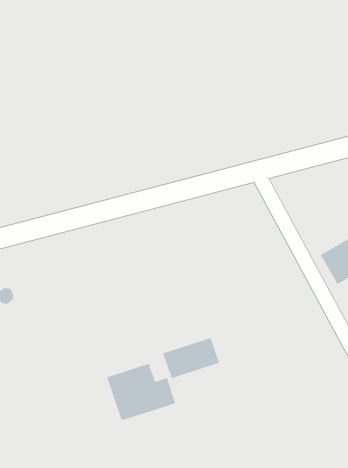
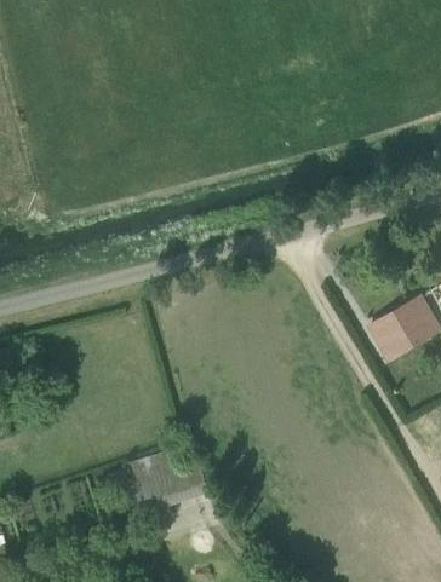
building: [162,337,220,379] -> none

